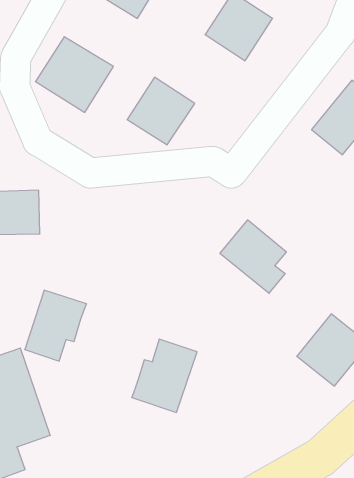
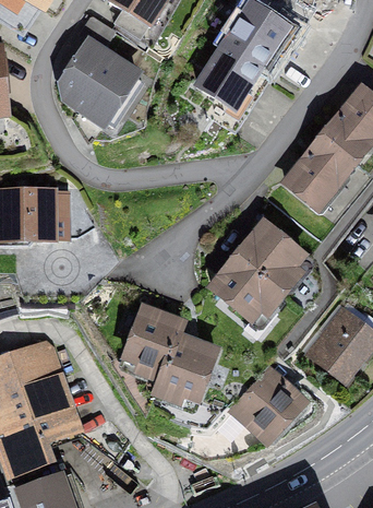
building: [127,77,195,145] -> [197,44,262,108]
building: none -> [288,134,354,205]
building: none -> [212,252,285,317]
building: [25,290,87,361] -> [127,307,185,375]
building: none -> [237,370,304,439]

